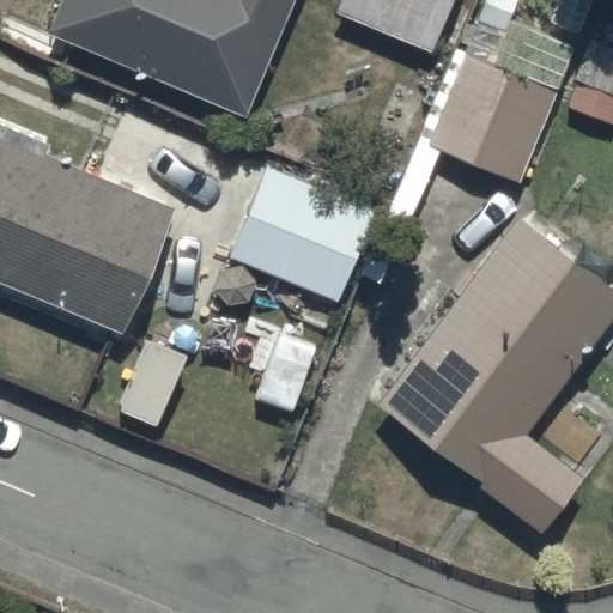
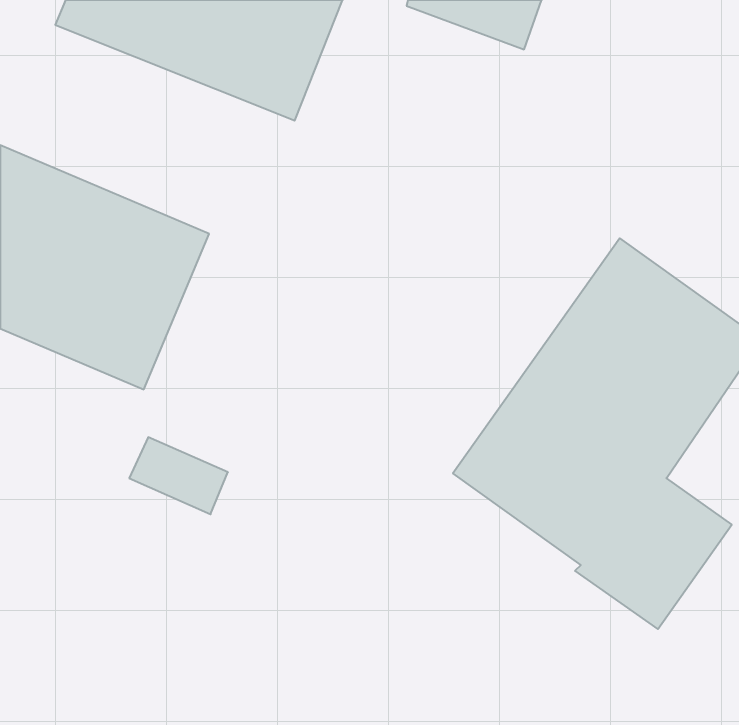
building: [427,54,556,186] -> none
building: [229,168,377,304] -> none

